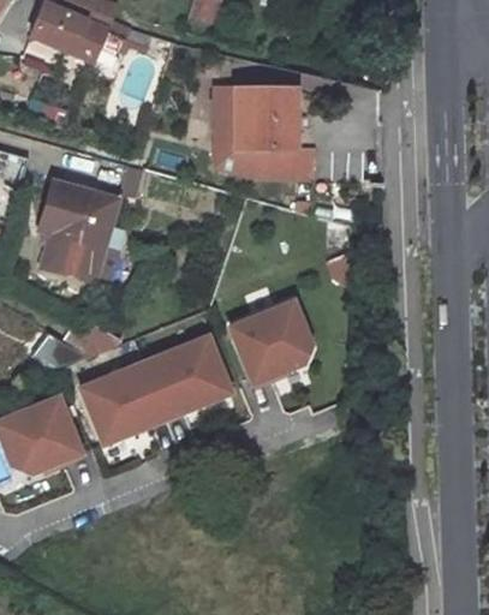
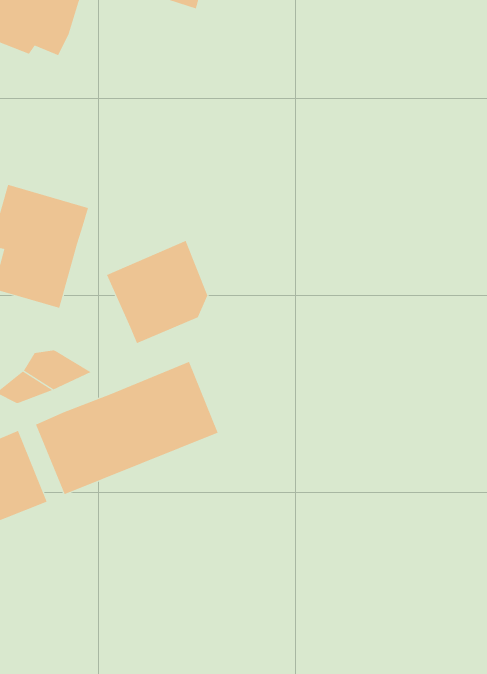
building: [214,83,315,180] -> none
building: [226,294,315,384] -> [106,240,208,344]

